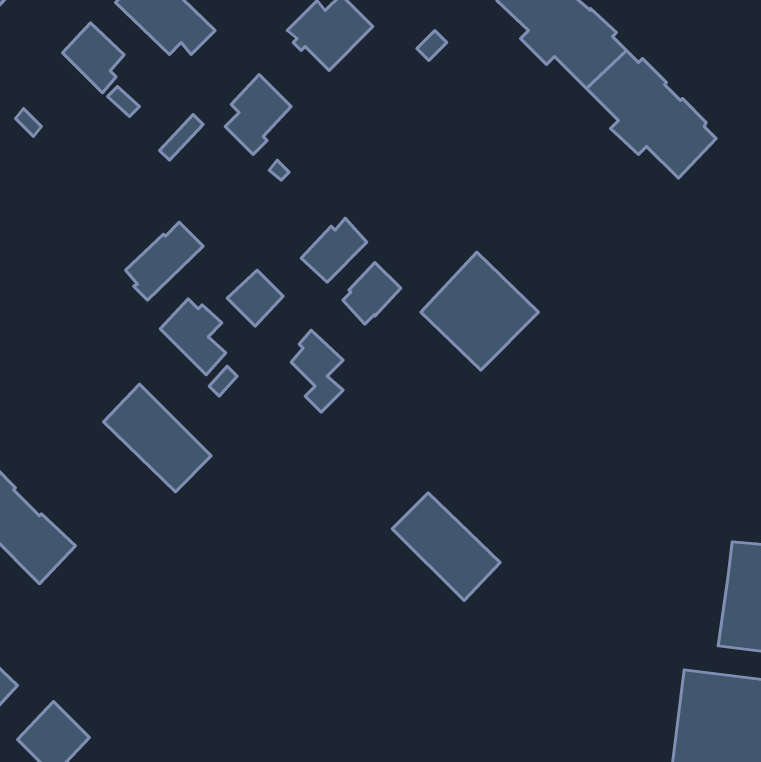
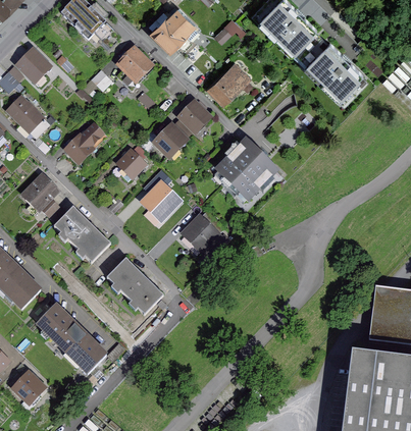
building: [62,23,124,93] -> [18,50,50,86]
building: none -> [211,62,250,100]
building: none -> [8,98,49,138]
building: [343,262,401,324] -> [178,103,208,134]
building: [160,299,226,375] -> [25,178,59,217]
building: none -> [186,210,225,251]
building: [392,493,500,601] -> [108,259,163,314]
building: none -> [37,304,107,373]

